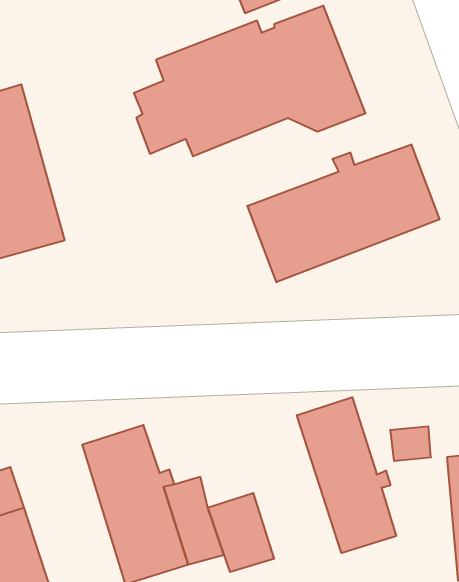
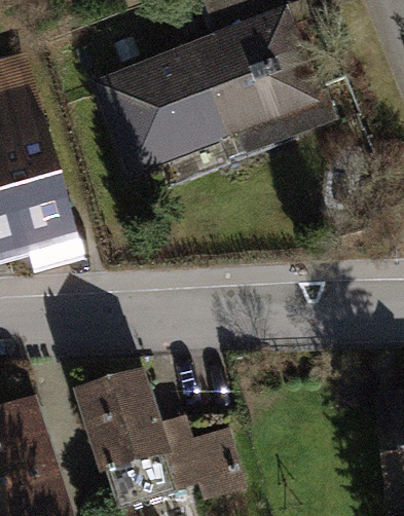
building: [247,144,439,282] -> none
building: [297,397,396,553] -> none

